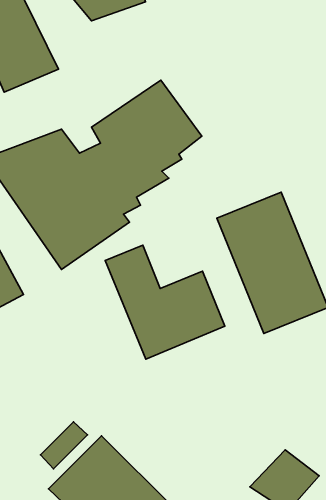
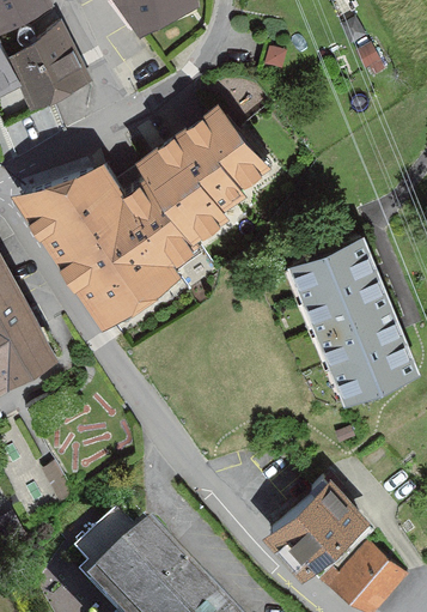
building: [105,245,225,359] -> none
building: none -> [266,481,367,580]

